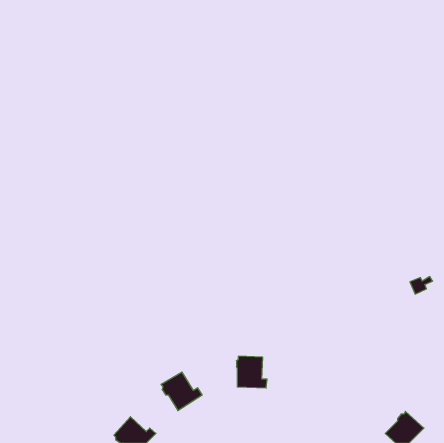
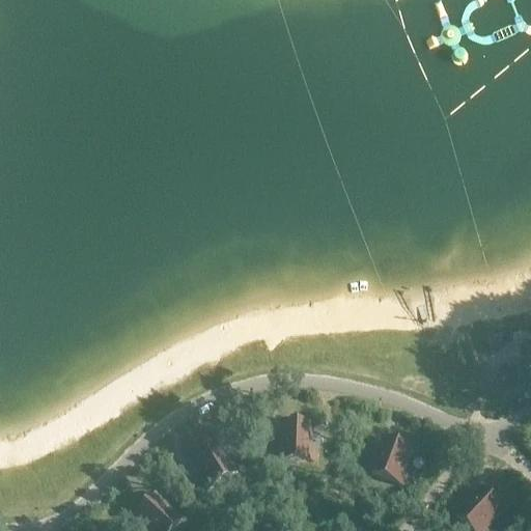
building: none -> [375,438,416,483]

